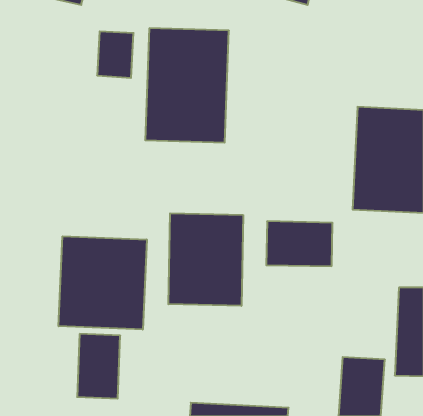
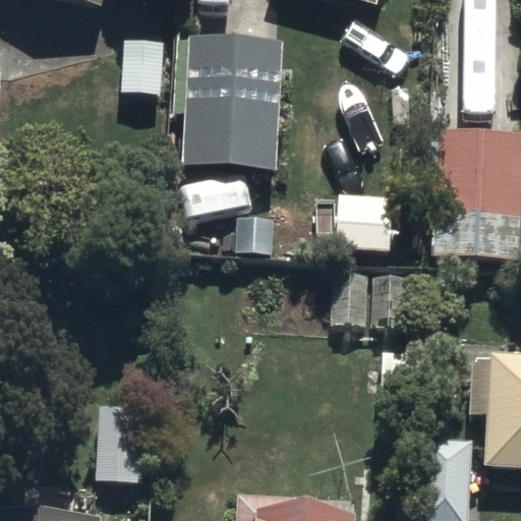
building: [168,213,243,306] -> none
building: [59,236,147,330] -> none

